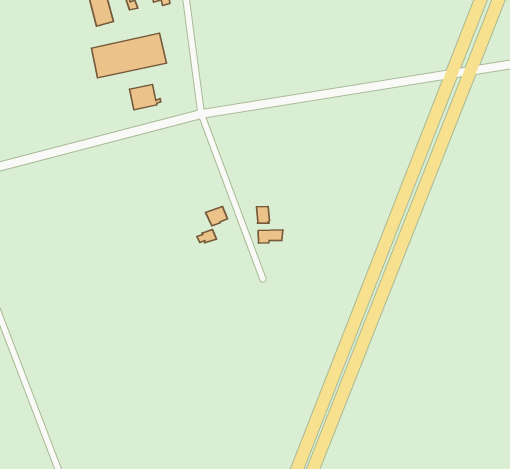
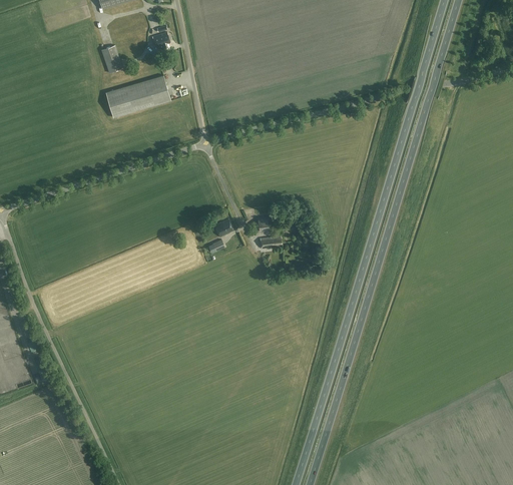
building: [130,84,161,110] -> none

